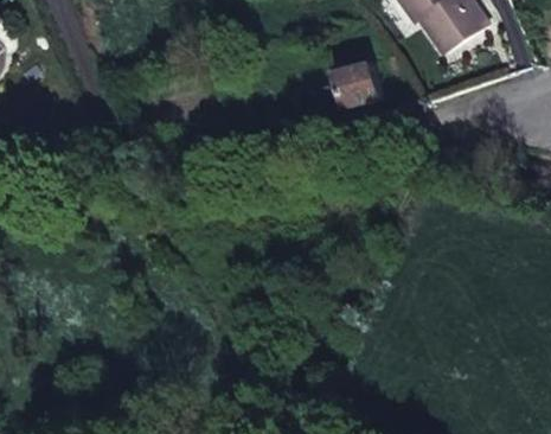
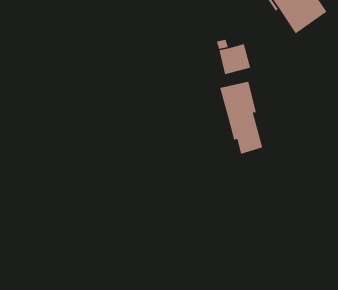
building: none -> [219,81,263,155]

